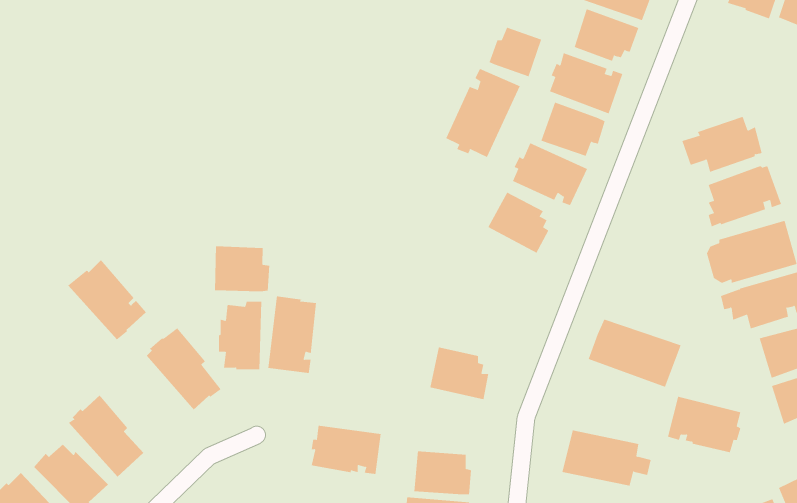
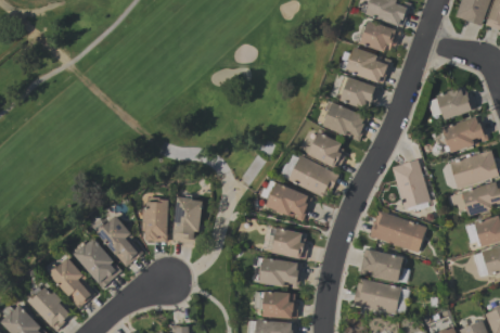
building: [489,27,542,77] -> none
building: [446,68,521,158] -> none
building: none -> [287,155,338,200]
building: none -> [392,159,430,208]
building: [215,246,270,292] -> none
building: [68,259,147,340] -> [73,238,121,287]
building: none -> [259,180,312,221]
building: [667,396,741,453] -> [358,248,403,283]
building: [311,425,381,474] -> [258,258,302,289]

